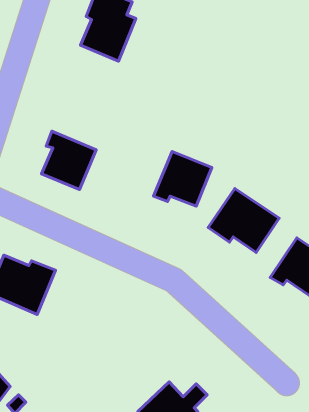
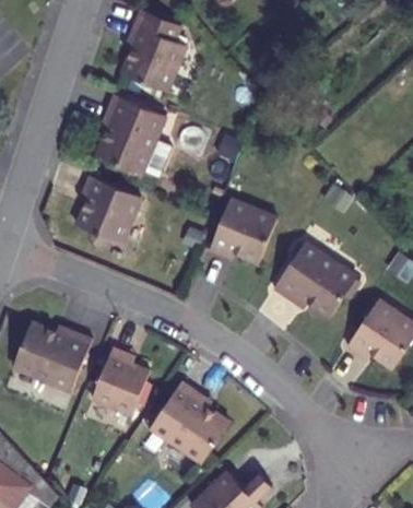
building: none -> [97,94,166,174]
building: none -> [92,346,150,415]
building: none -> [150,380,229,463]

